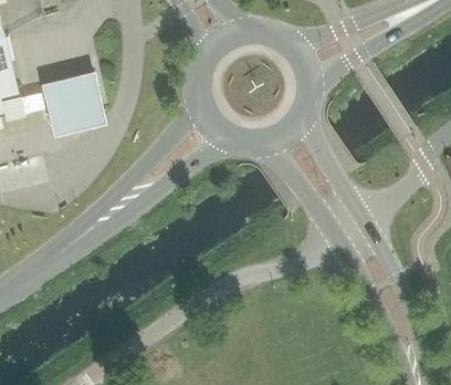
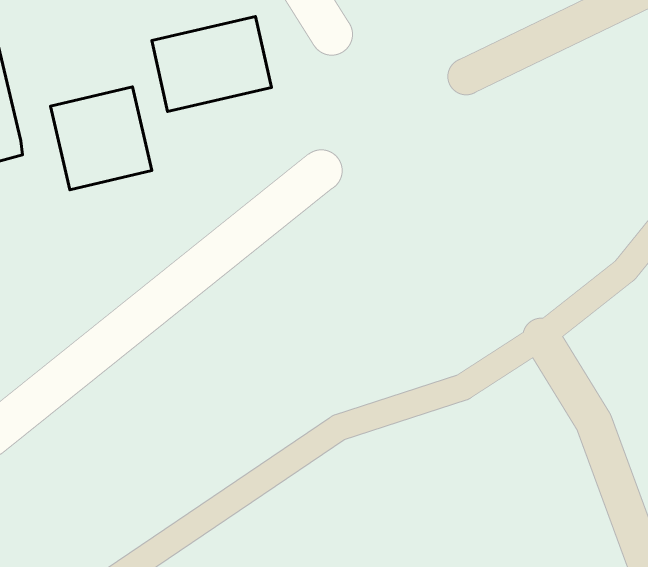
building: none -> [152,17,271,111]

